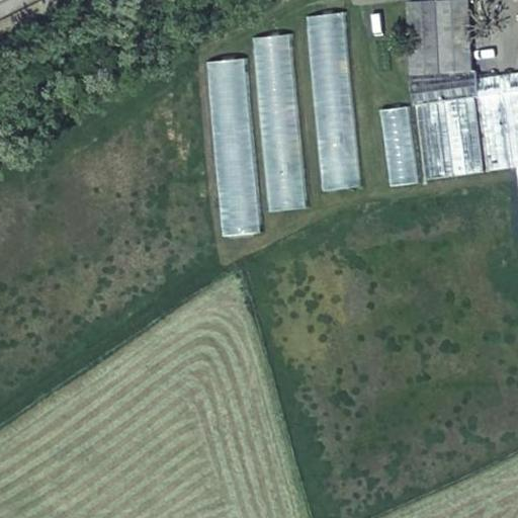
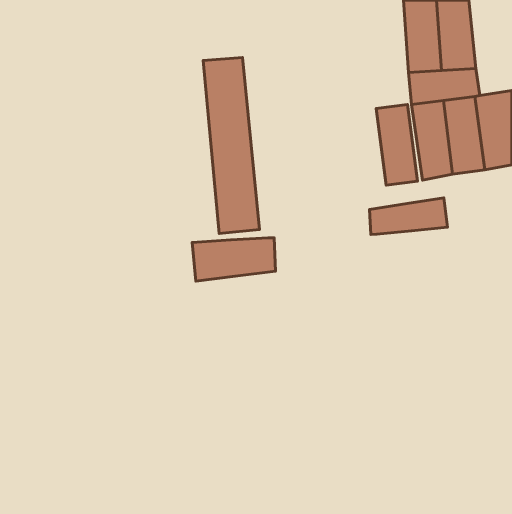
building: [303,11,362,190] -> none
building: [252,34,308,210] -> none
building: none -> [370,198,448,234]
building: none -> [192,238,276,281]

